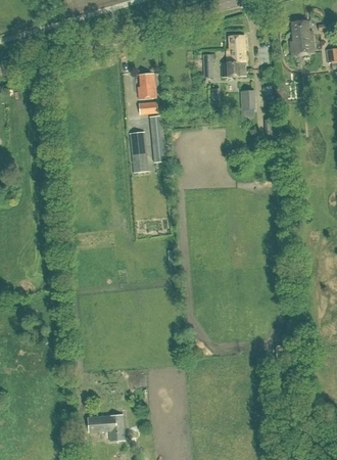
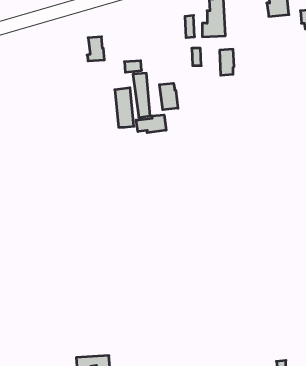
building: [138,74,156,99] -> [87,37,104,61]
building: none -> [159,83,178,110]
building: none -> [136,115,166,133]

